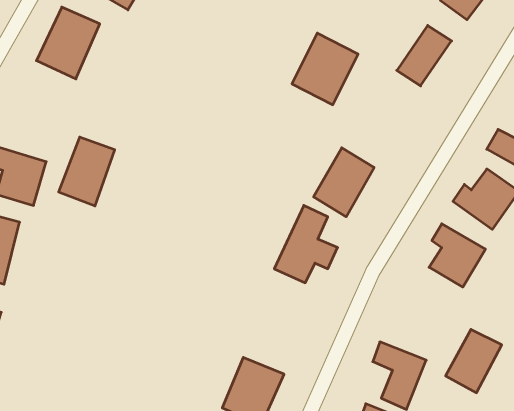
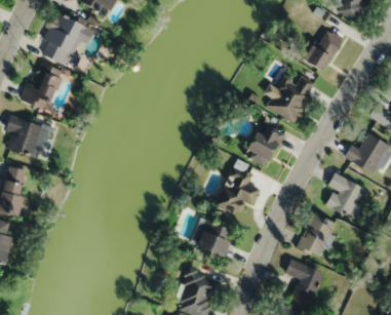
building: [292,33,358,105] -> [267,71,315,123]
building: [59,137,115,206] -> [24,62,65,112]
building: none -> [194,220,234,259]
building: [446,329,502,393] -> [296,212,337,259]

